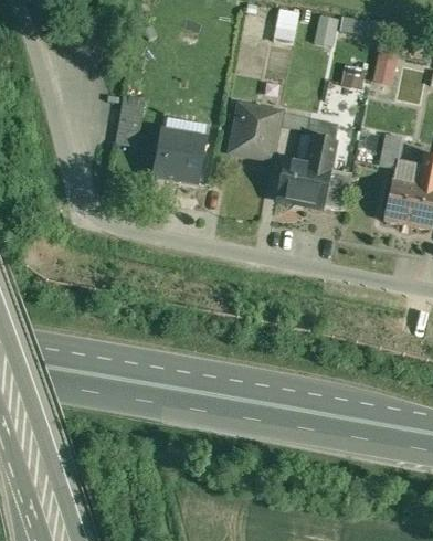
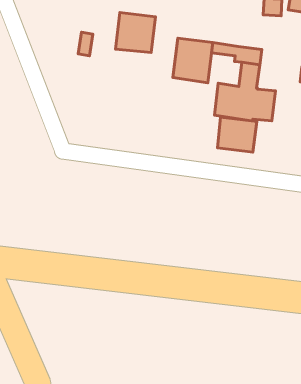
building: [155,131,204,181] -> [115,13,155,53]
building: none -> [218,117,257,152]

